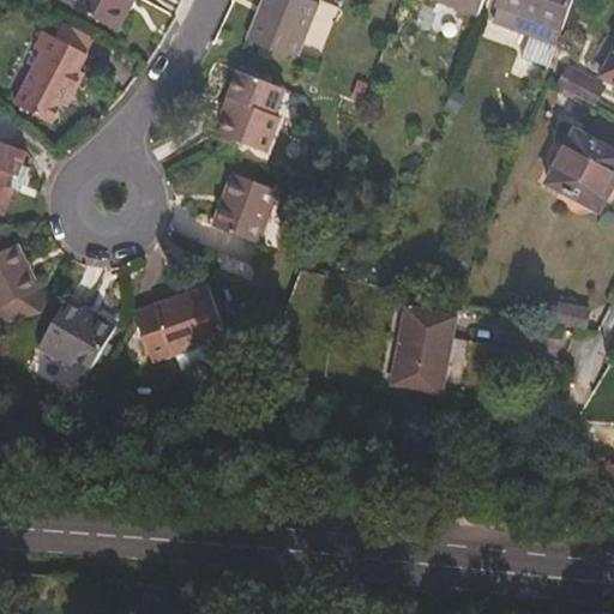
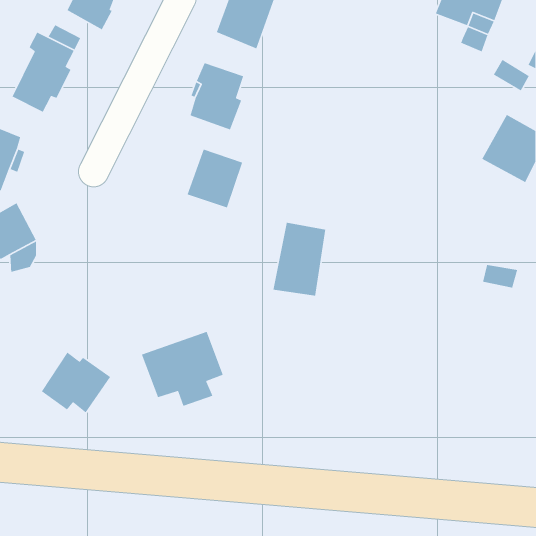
building: [134,283,229,369] -> [141,331,224,407]
building: [25,295,106,366] -> [41,351,111,414]
building: [392,308,453,393] -> [273,222,326,297]

